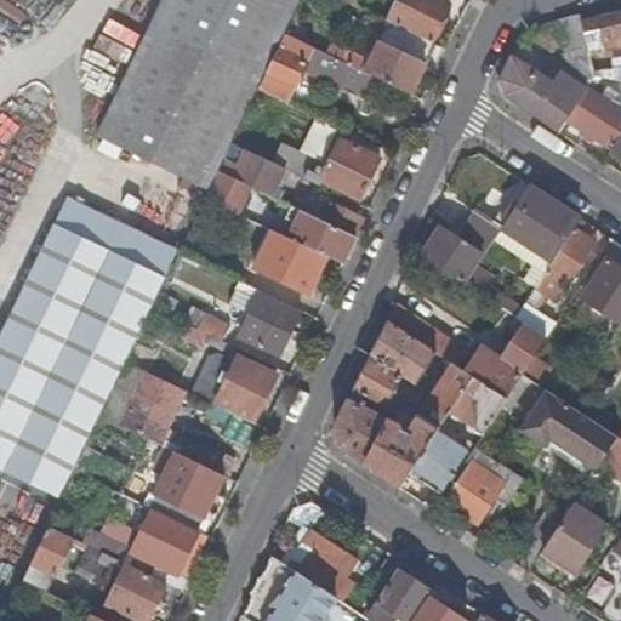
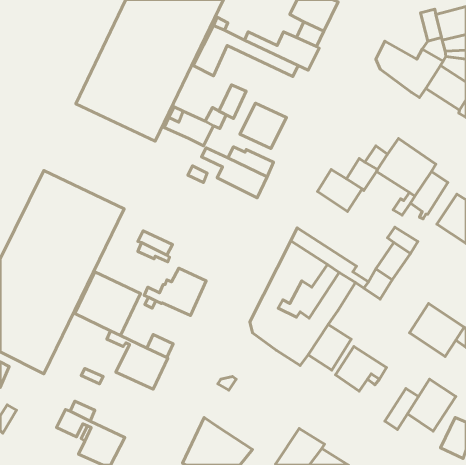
building: [205,170,251,212] -> none
building: [58,201,177,278] -> none
building: [261,235,325,295] -> none
building: [229,279,298,353] -> none
building: [450,376,506,433] -> none
building: [522,389,570,443] -> none
building: [132,506,198,574] -> none
building: [22,525,73,592] -> none
building: [290,531,357,600] -> none

